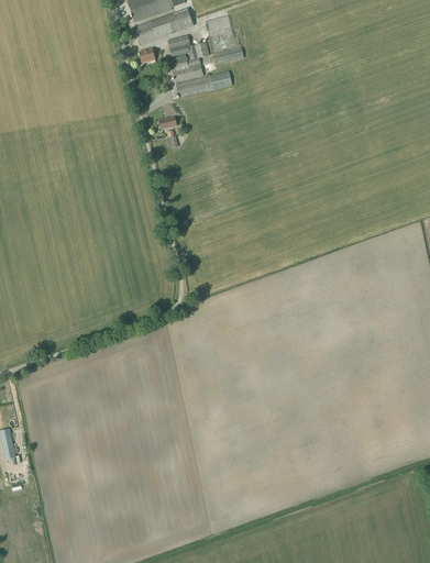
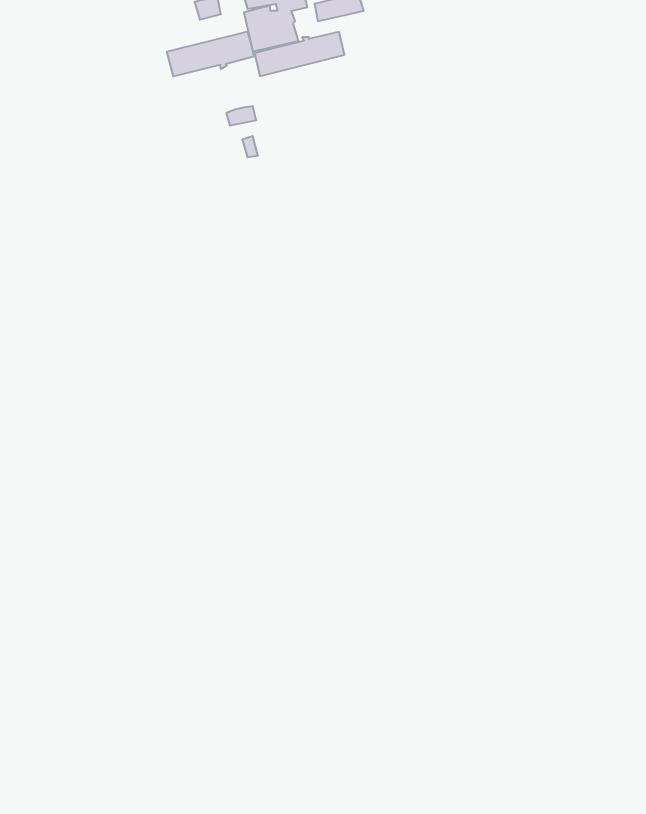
building: none -> [167,31,254,77]

